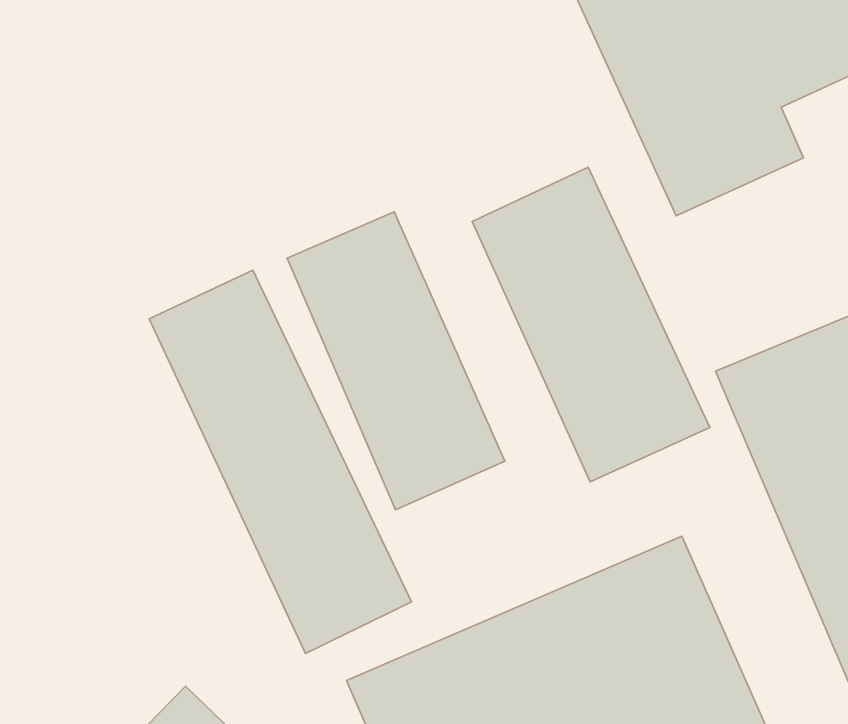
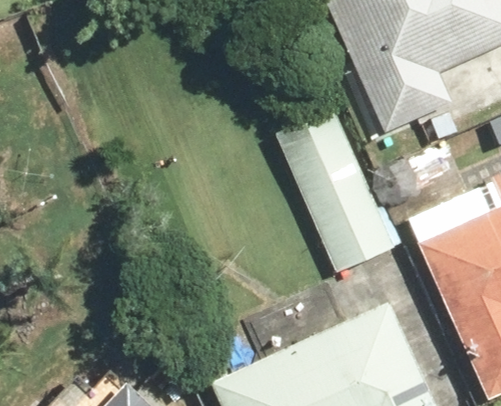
building: [287,212,505,510] -> none
building: [149,270,411,654] -> none

